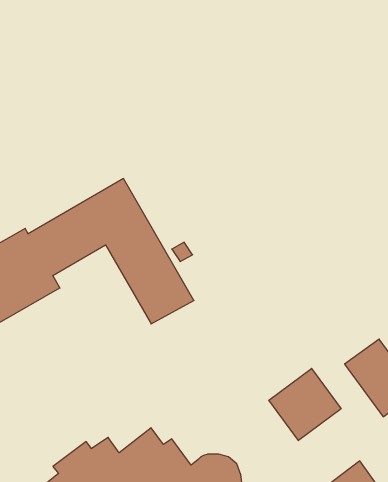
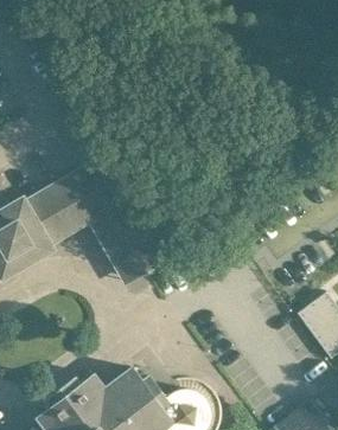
building: [269,368,341,441] -> none

